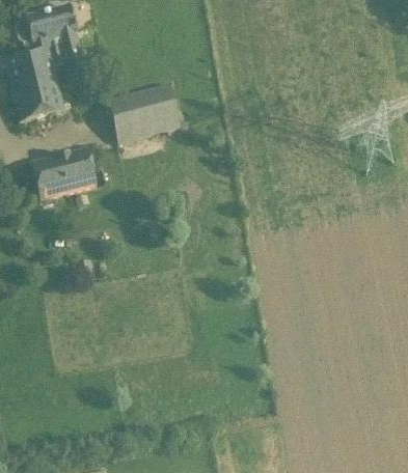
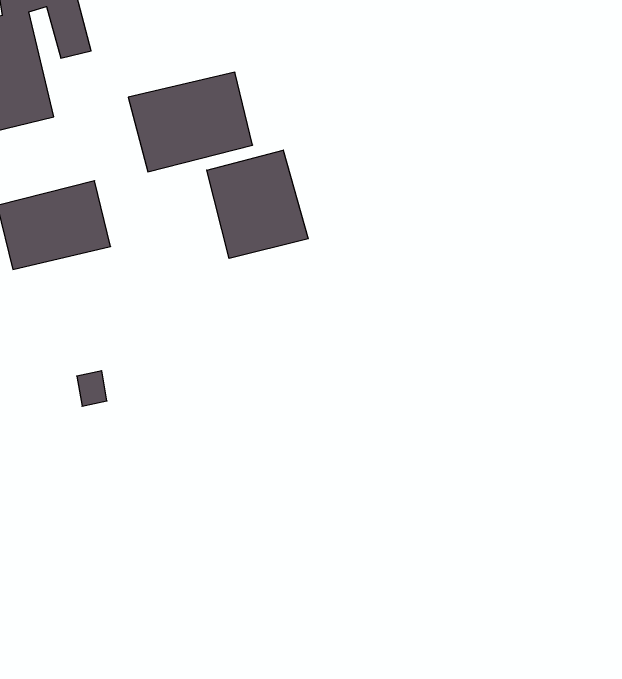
building: none -> [207,150,308,258]

